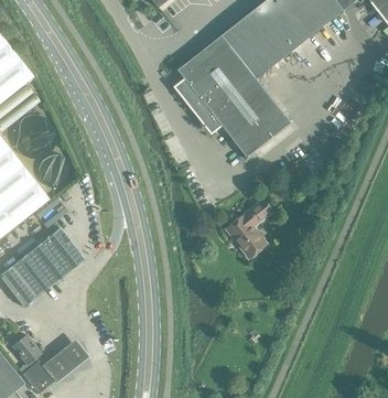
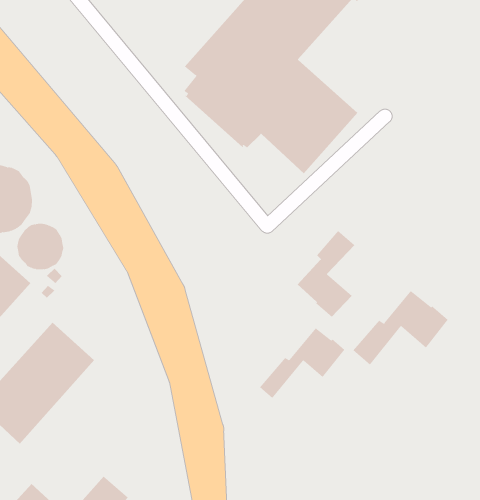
building: none -> [353,290,449,365]
building: none -> [259,327,345,399]

